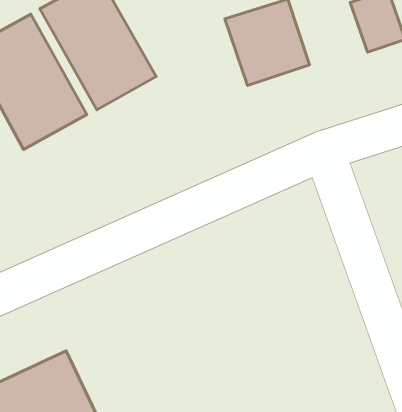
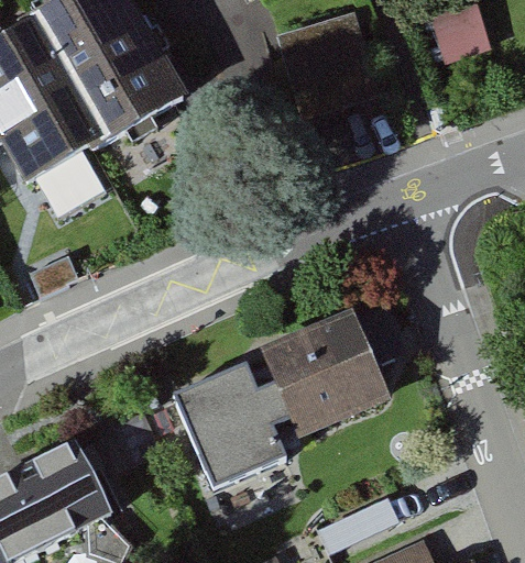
building: none -> [256,313,383,435]
building: none -> [172,365,277,484]

